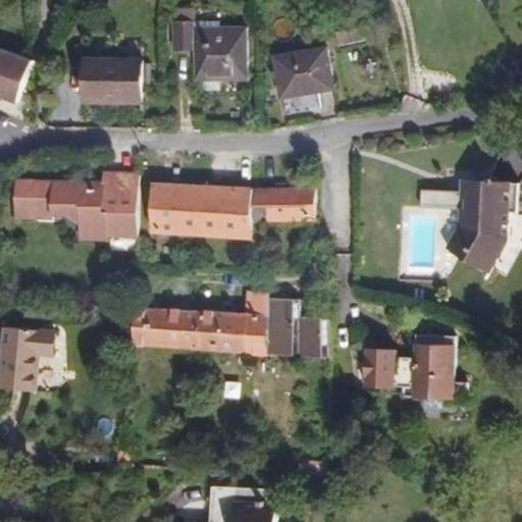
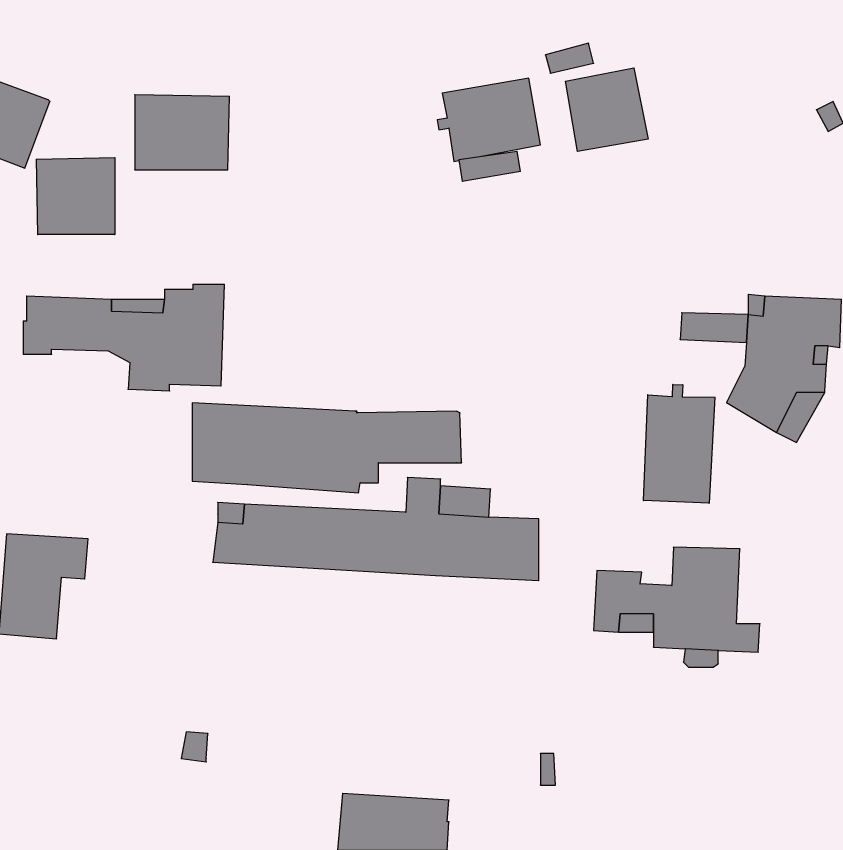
building: [170,8,245,91] -> none
building: none -> [565,68,648,151]
building: none -> [36,158,115,235]
building: [150,184,315,239] -> [192,403,462,493]
building: none -> [644,384,715,503]

